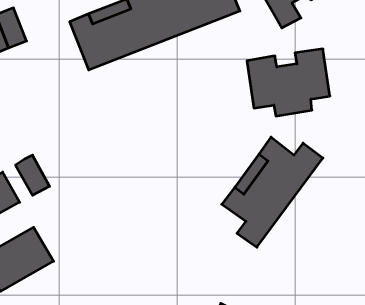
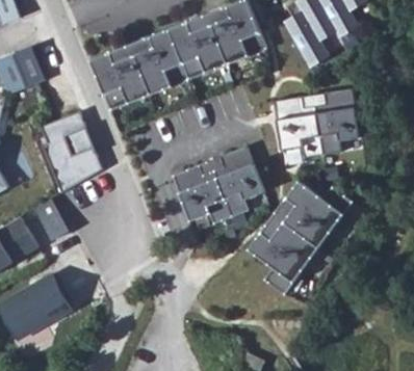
building: none -> [40,111,102,192]
building: none -> [172,145,264,224]

